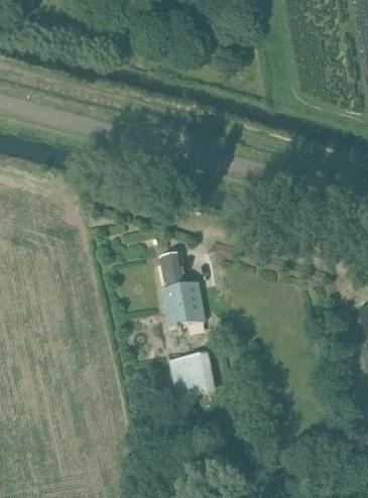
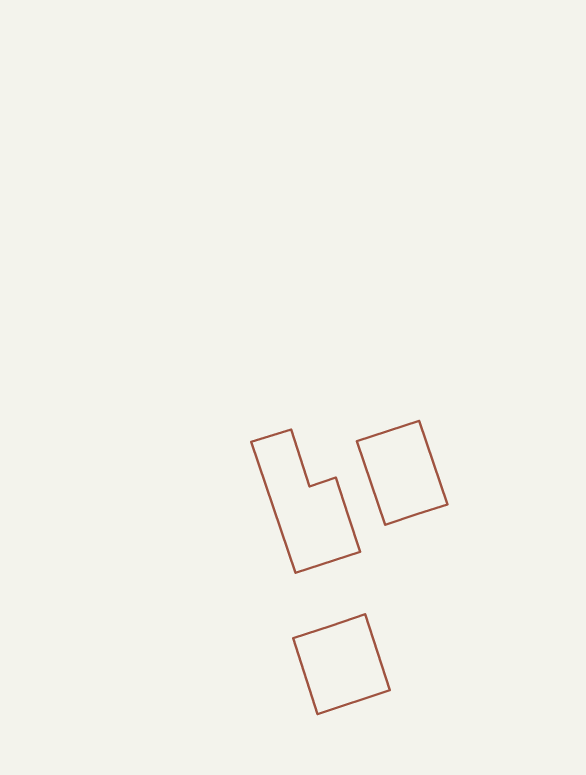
building: none -> [357,421,447,525]

